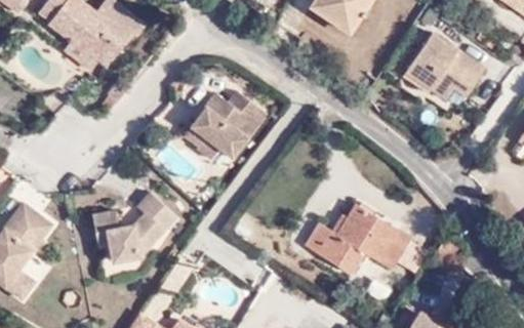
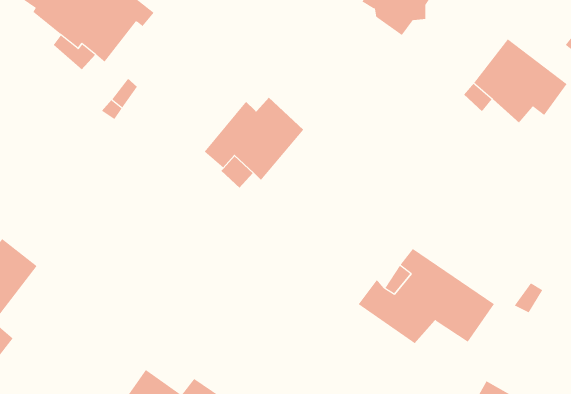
building: [96,189,177,259] -> none

